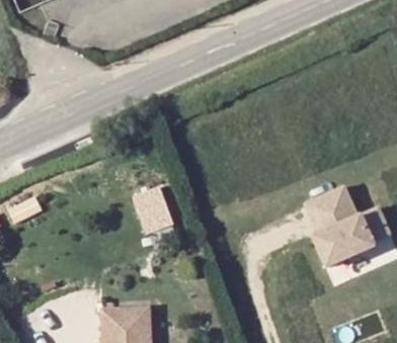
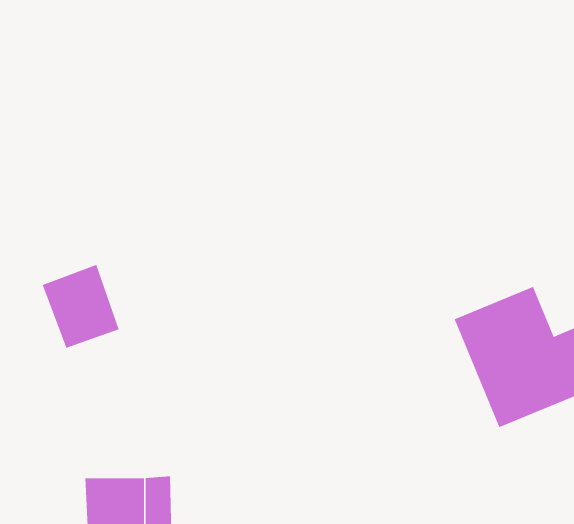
building: [134,186,179,236] -> [42,264,119,349]

